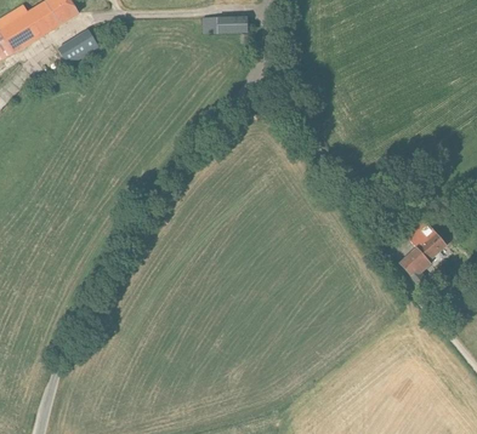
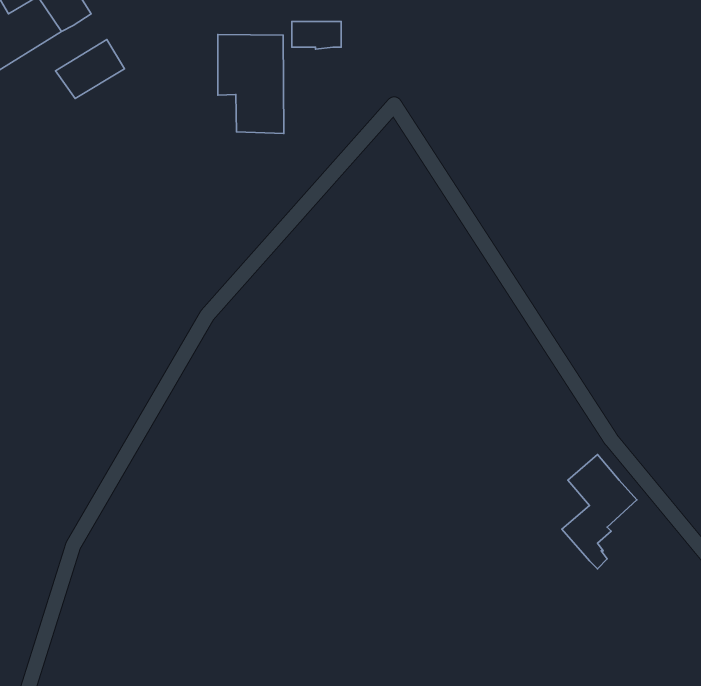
building: none -> [218,34,284,133]
building: [401,217,447,287] -> [562,454,637,569]

